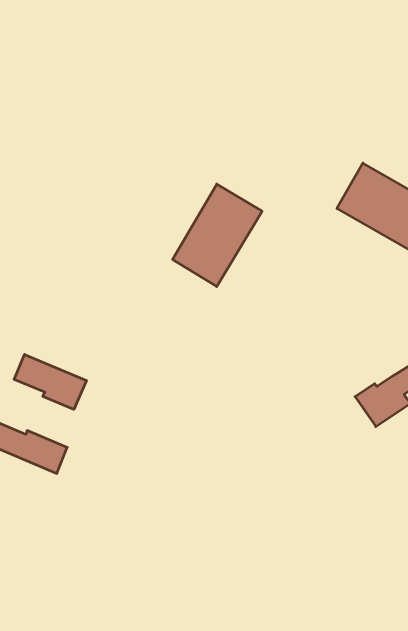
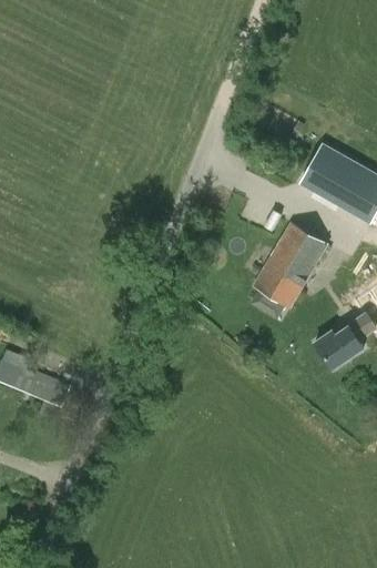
building: [173,184,262,287] -> [253,221,329,308]
building: [14,354,86,409] -> none

